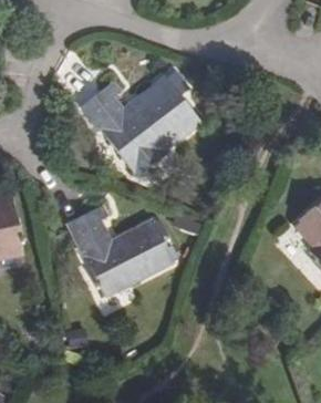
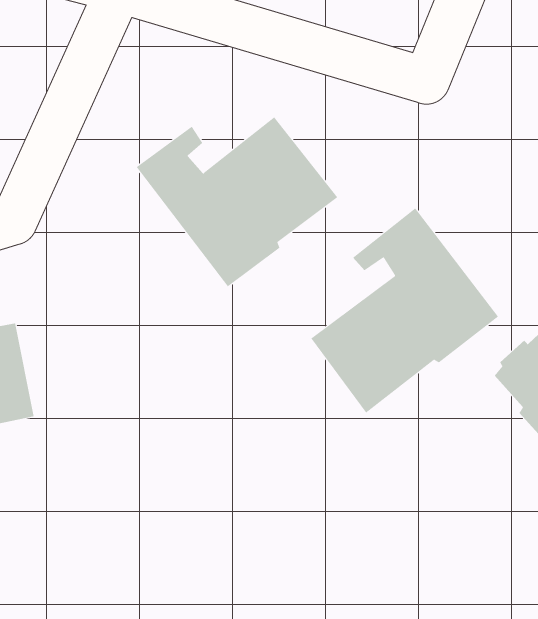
building: none -> [311,208,499,413]
building: [68,204,175,298] -> none

